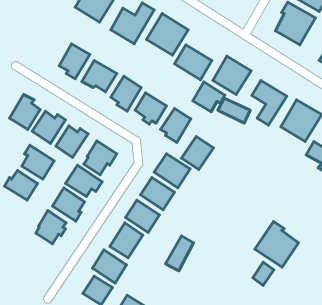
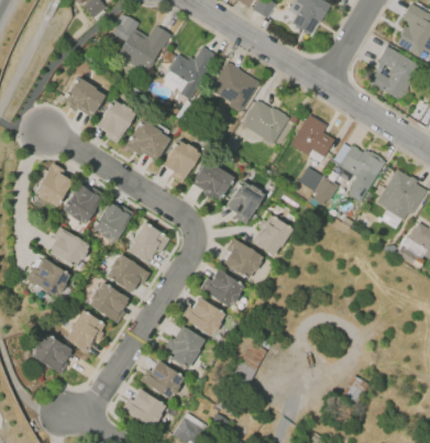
building: none -> [65,77,107,117]
building: [193,82,225,112] -> none
building: [255,222,298,267] -> none
building: none -> [32,332,74,372]

